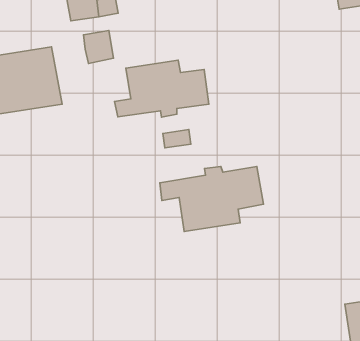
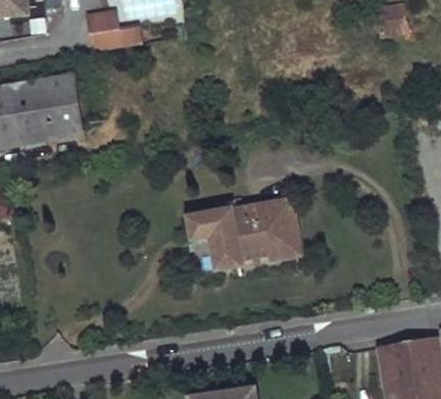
building: [84,31,114,63] -> none
building: [115,60,209,117] -> none

